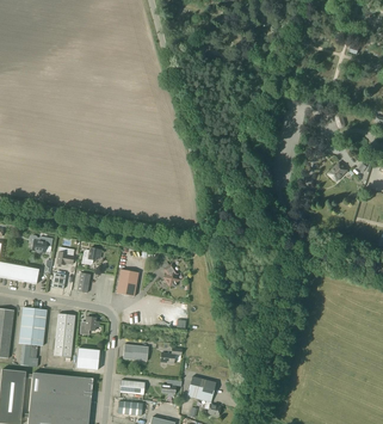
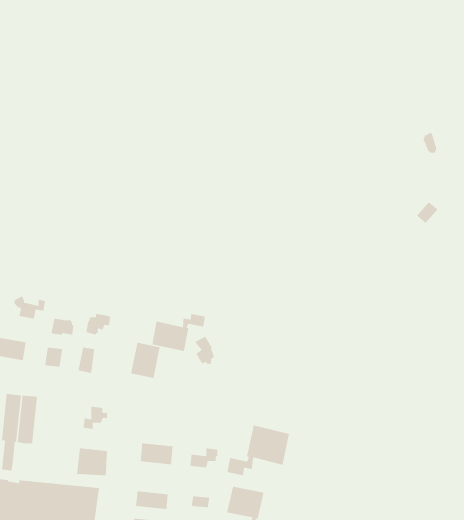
building: none -> [151,313,206,352]
building: [54,313,75,357] -> none
building: none -> [227,424,290,476]

